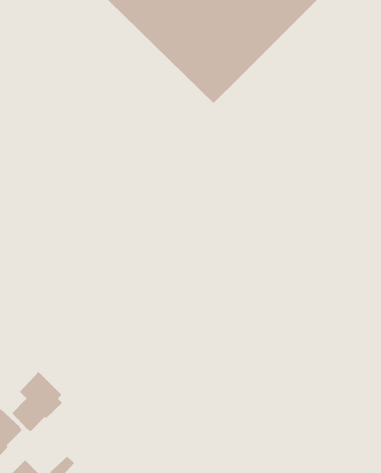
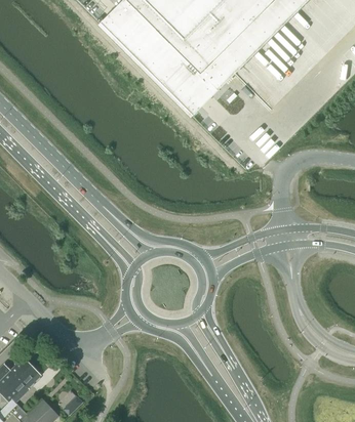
building: [11,371,63,432] -> none

